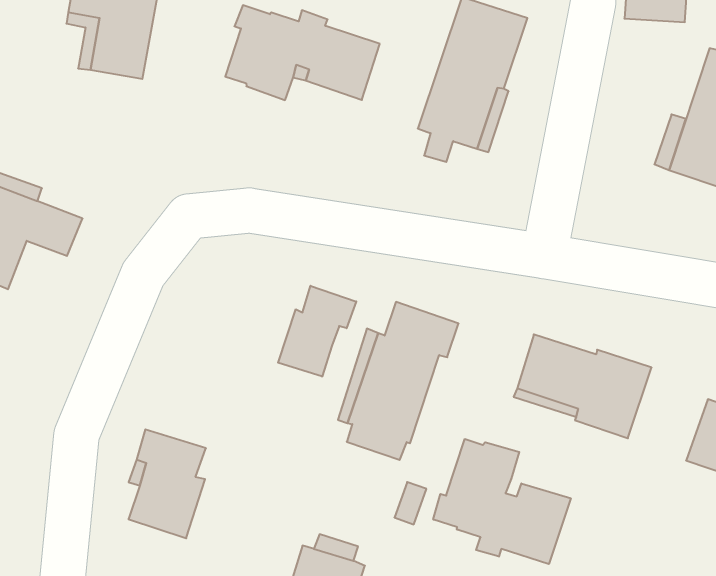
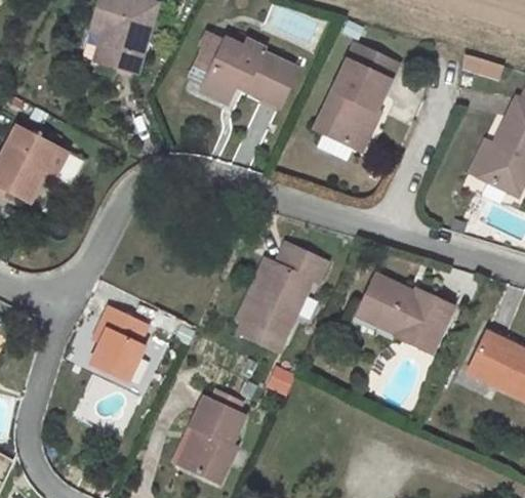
building: [278,286,356,377] -> none
building: [433,439,571,564] -> none

